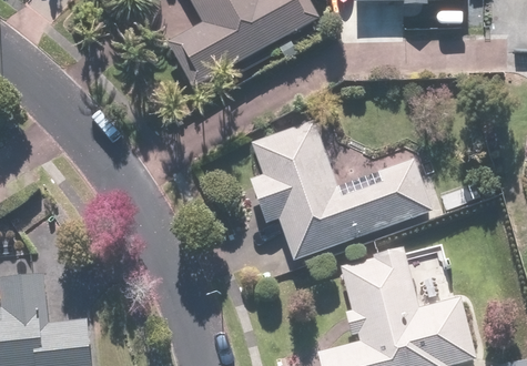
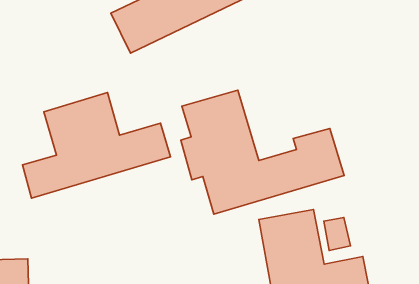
building: none -> [23,93,170,198]

